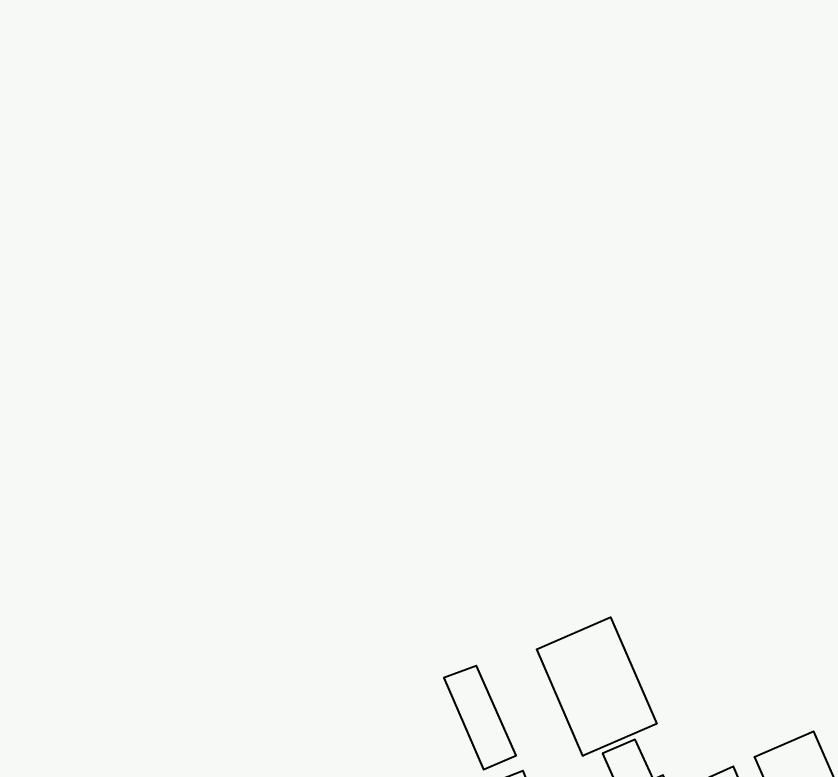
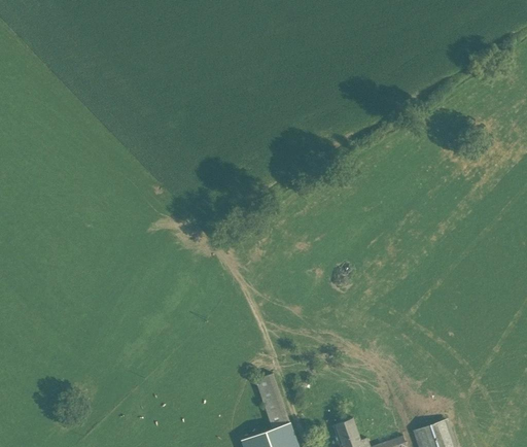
building: [537,617,657,756] -> none

